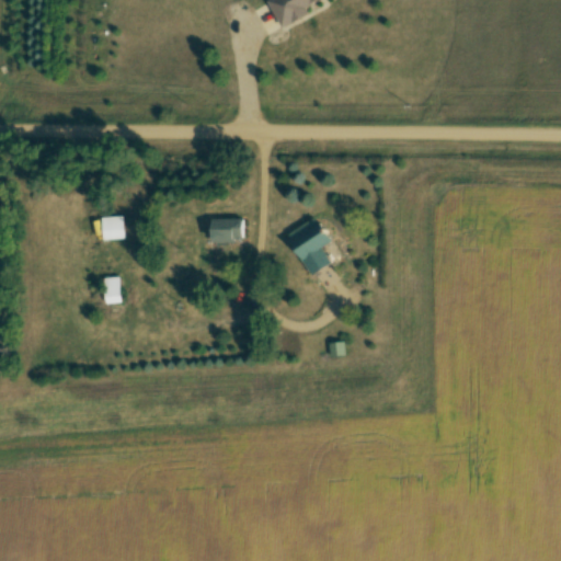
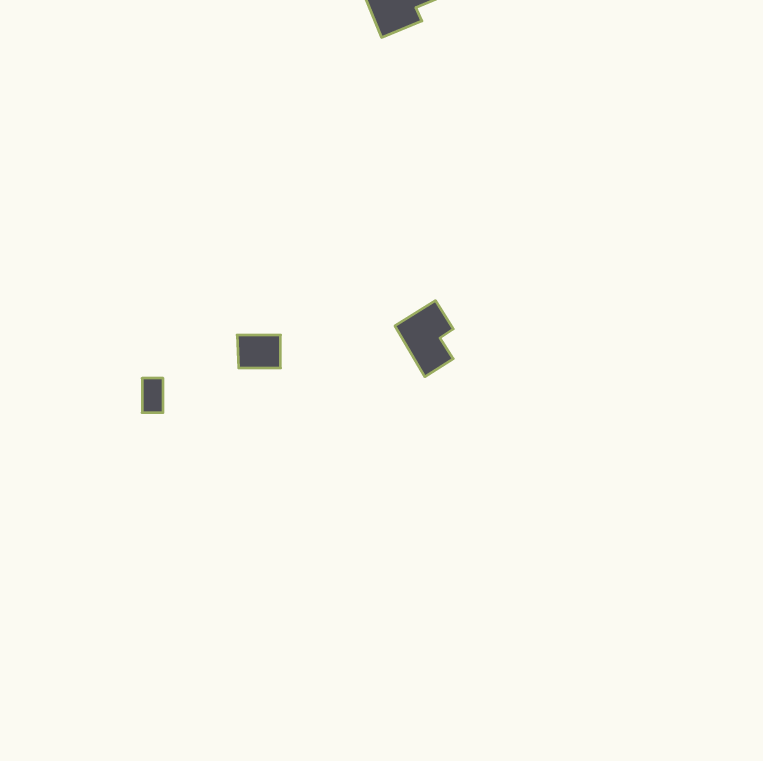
building: [101,216,123,238] -> none
building: [210,218,242,242] -> [237,335,281,368]

